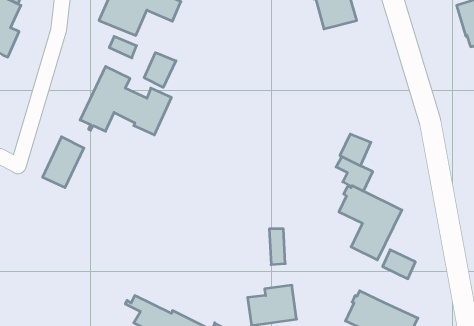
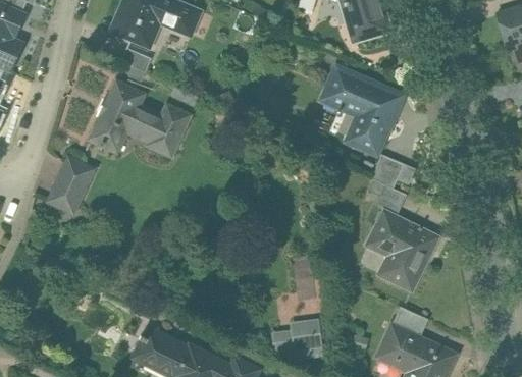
building: [144,53,176,87] -> none
building: none -> [321,67,402,153]
building: [383,250,415,279] -> [392,306,427,337]

